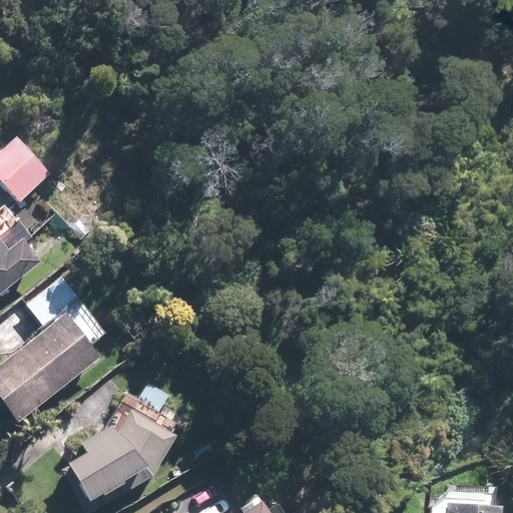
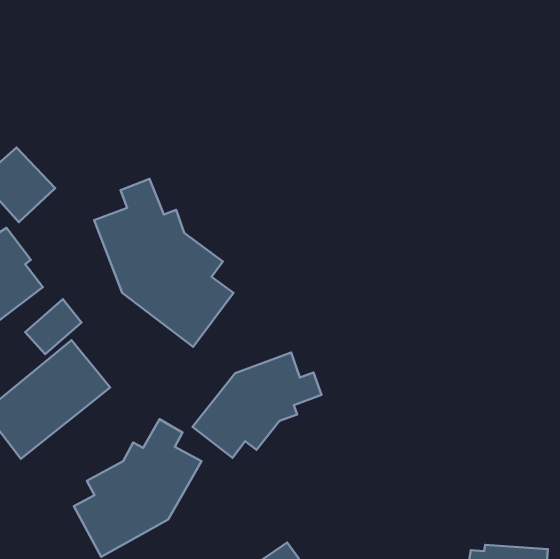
building: none -> [94,179,234,347]
building: none -> [192,352,321,458]

